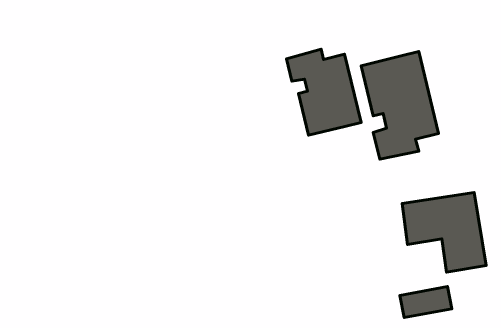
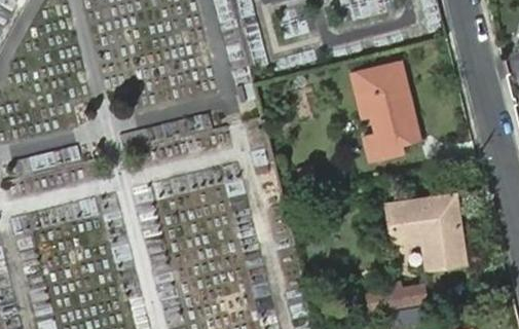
building: [287,49,361,135] -> none

